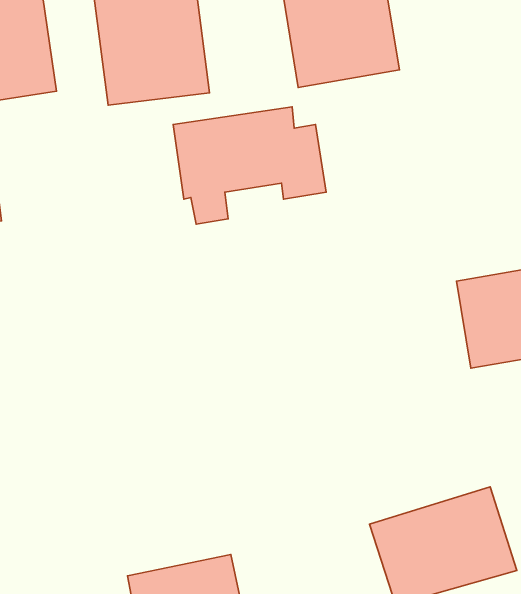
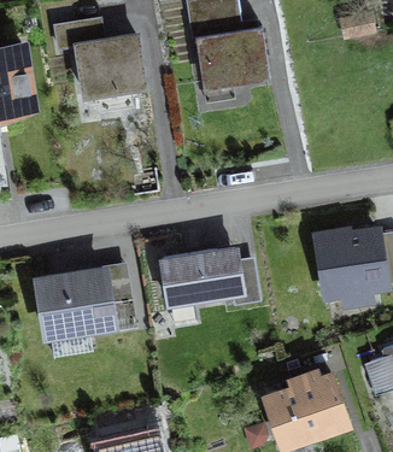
building: [173,107,326,224] -> [160,241,264,321]
building: none -> [34,258,139,354]

